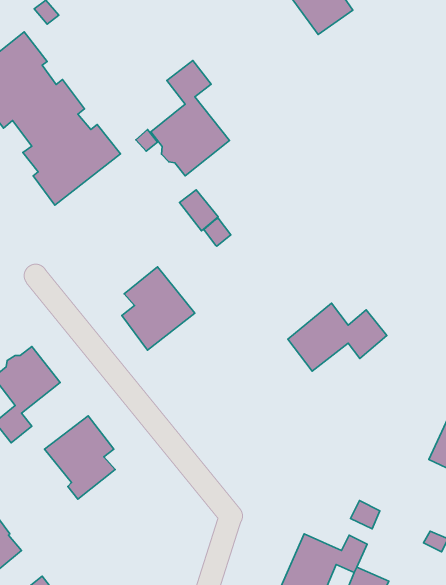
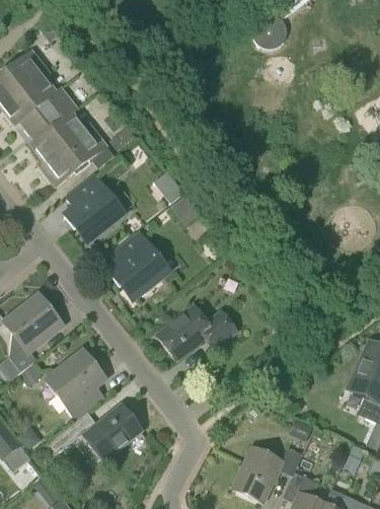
building: [151,60,230,176] -> none
building: none -> [63,174,121,242]
building: [288,303,387,371] -> [158,305,236,359]
building: none -> [46,406,141,460]

